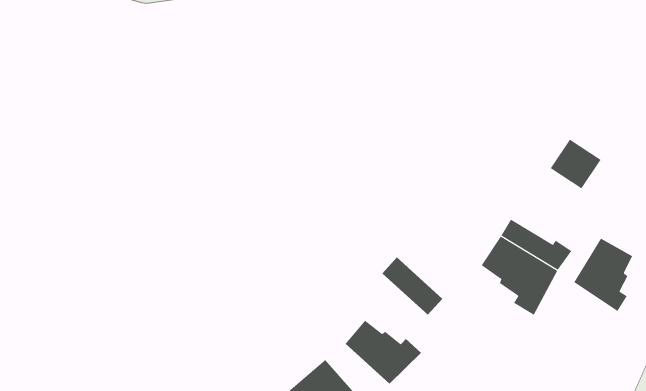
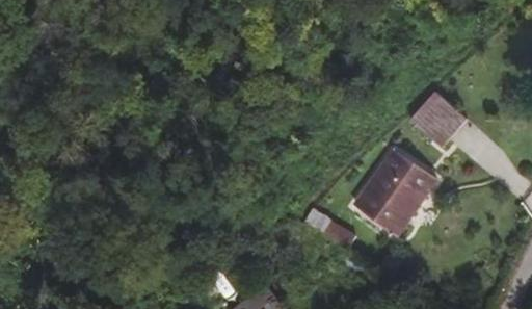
building: [573,238,633,312] -> none
building: [345,320,422,385] -> none

